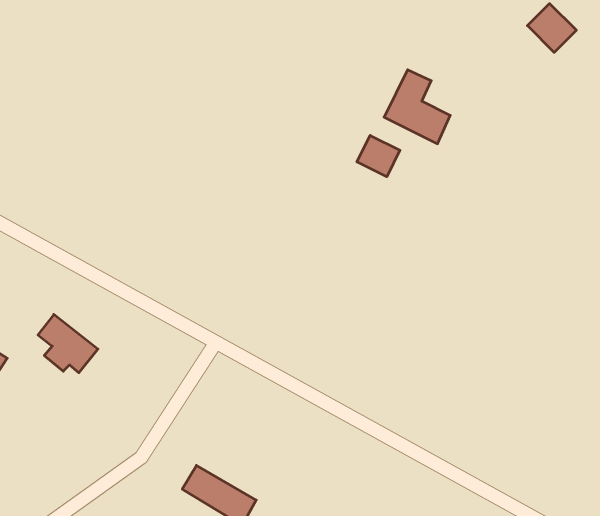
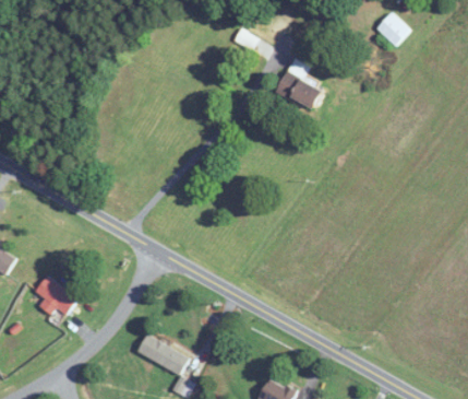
building: [357,135,400,177] -> none
building: [38,314,98,373] -> [35,275,76,316]

